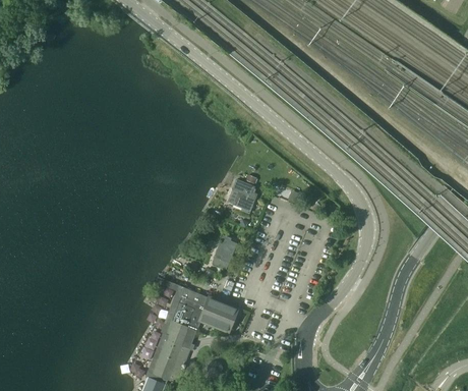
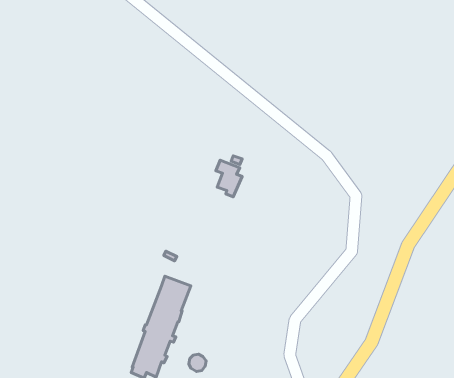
building: [211,234,235,268] -> none
building: [198,296,236,331] -> none

